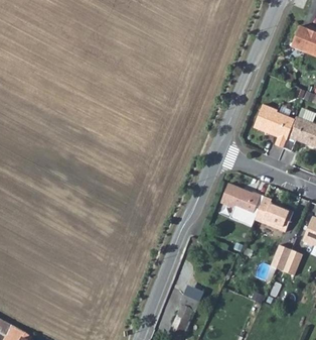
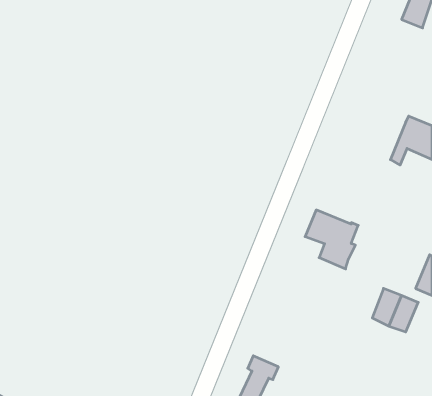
building: [254,106,295,149] -> none
building: [254,198,293,234] -> none

